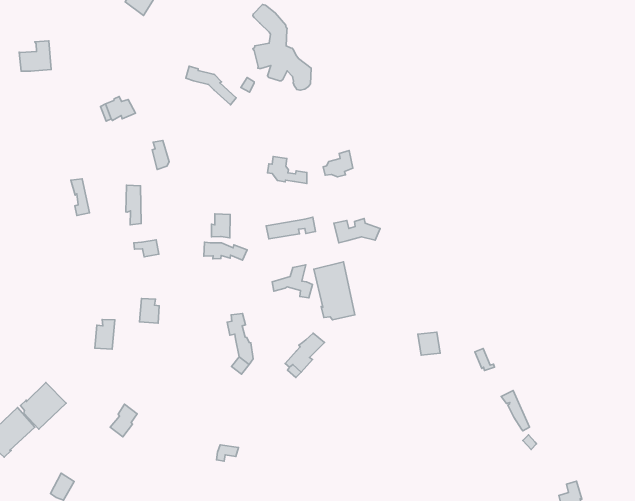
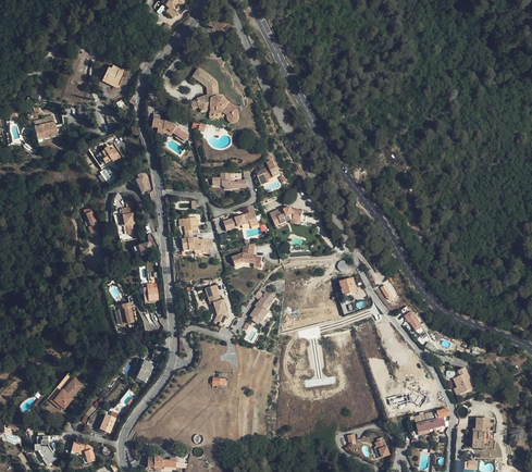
building: [314,262,355,320] -> none
building: [20,383,66,429] -> none

